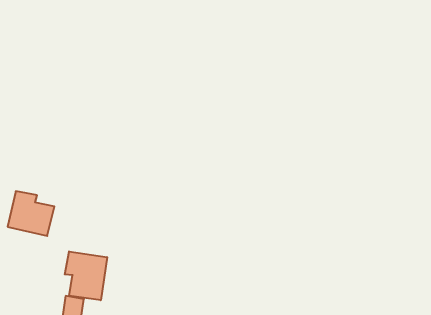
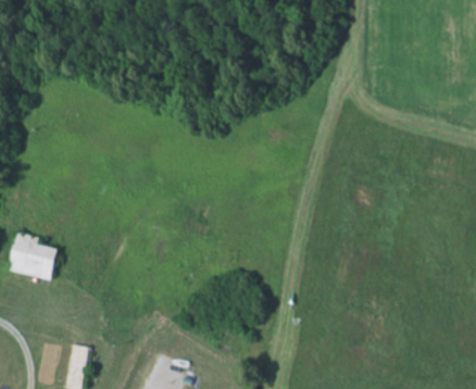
building: [65,251,107,300] -> none

